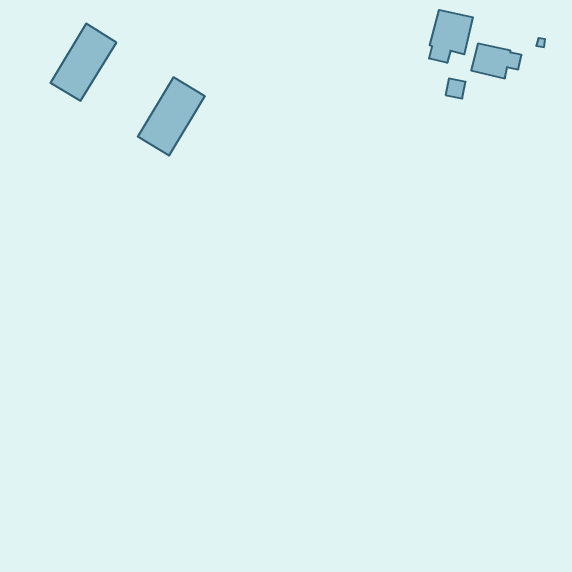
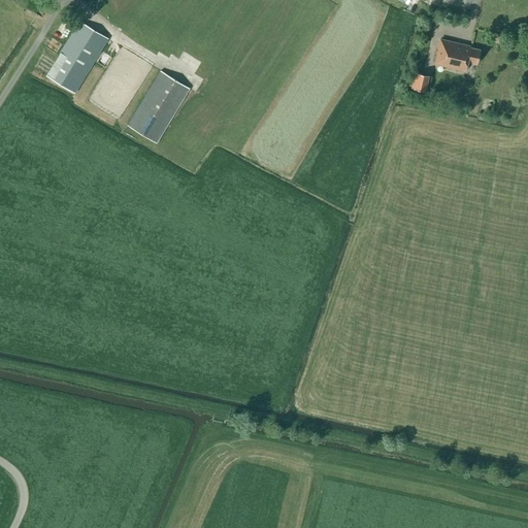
building: [429,10,473,63] -> none

